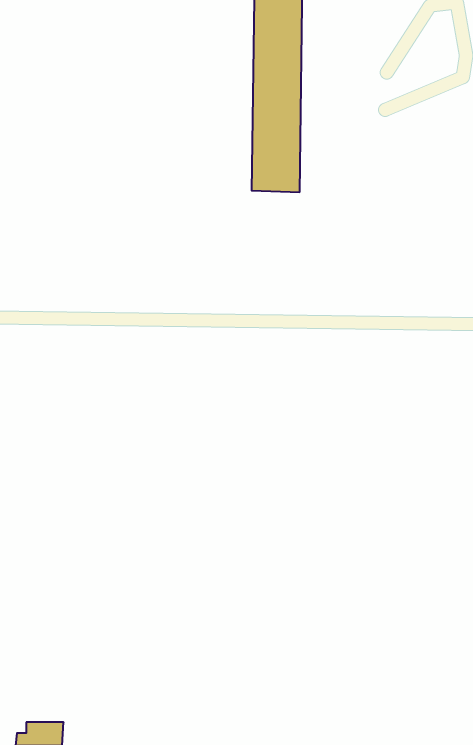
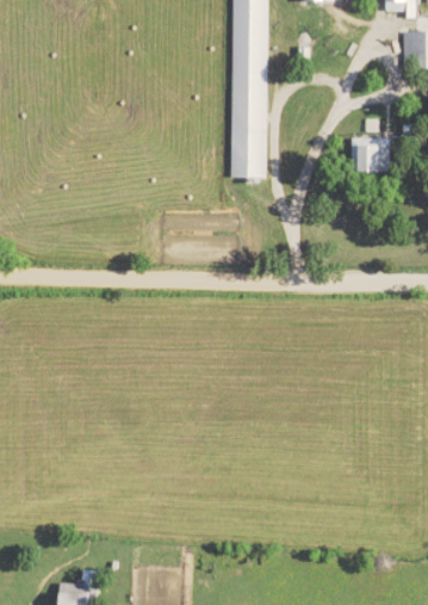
building: none -> [352,140,378,172]

